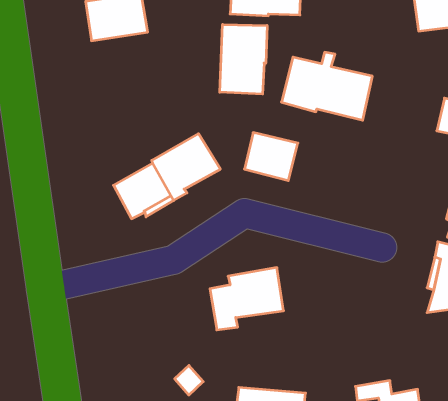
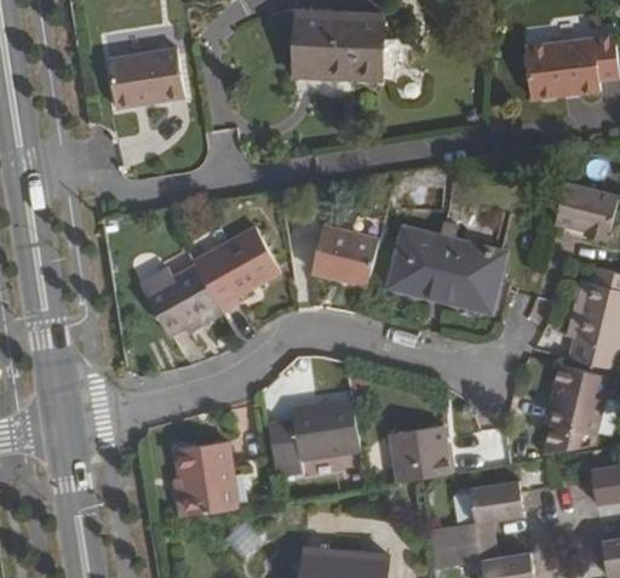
building: [220,24,267,94] -> none
building: [281,52,372,120] -> [388,223,503,309]
building: none -> [389,425,449,482]
building: none -> [174,442,237,519]
building: none -> [447,480,523,548]

